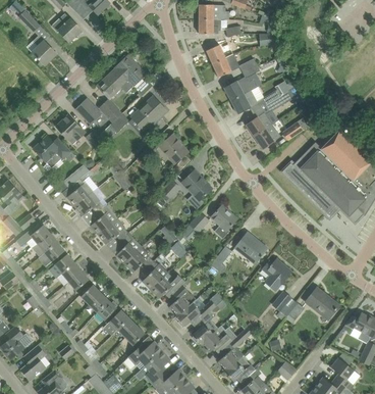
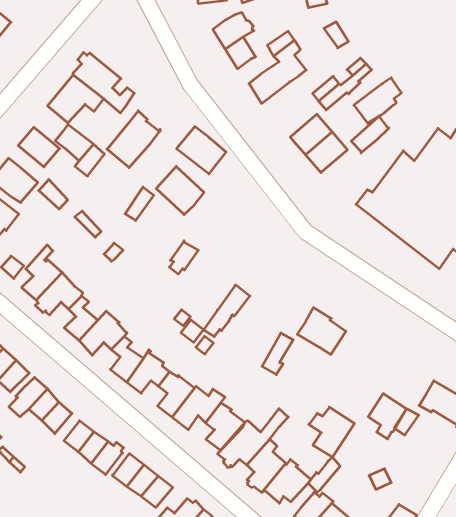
building: [230,87,261,113] -> [354,78,401,123]
building: [180,170,211,201] -> [177,127,226,174]
building: [210,205,236,239] -> none
building: [262,259,290,291] -> [309,407,354,457]

